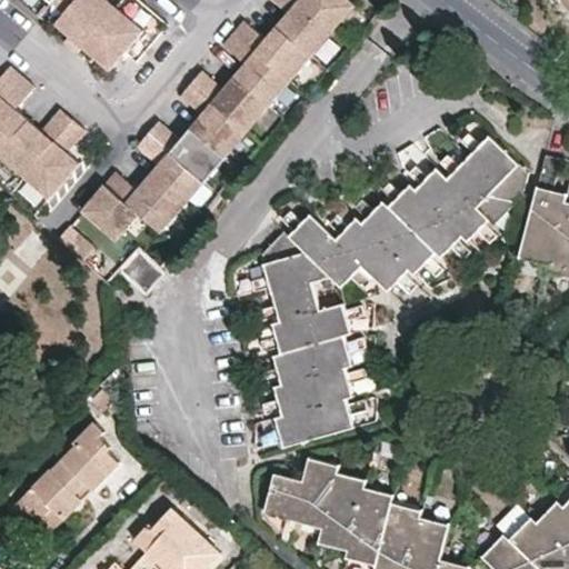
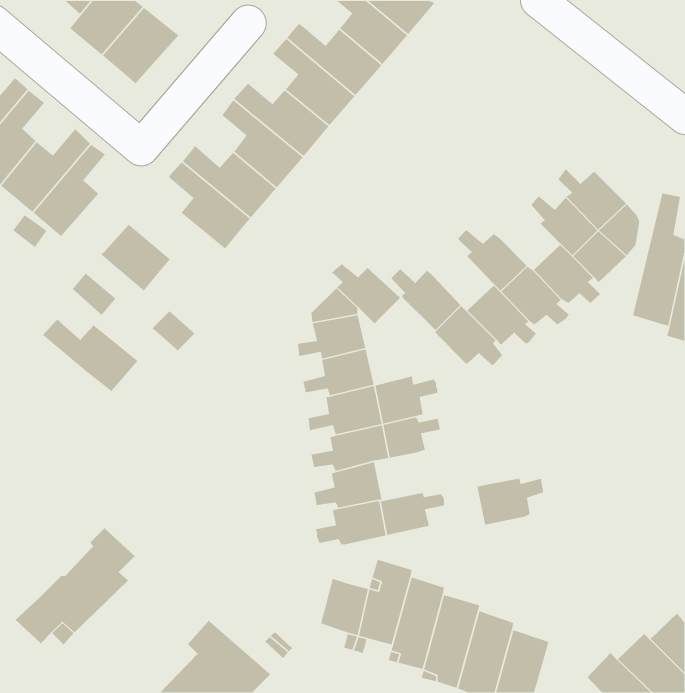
building: [106,170,184,230] -> [42,319,138,392]
building: [401,171,459,221] -> none
building: [348,203,405,254] -> none
building: [307,243,365,297] -> none
building: [307,371,362,410] -> [476,478,544,525]

